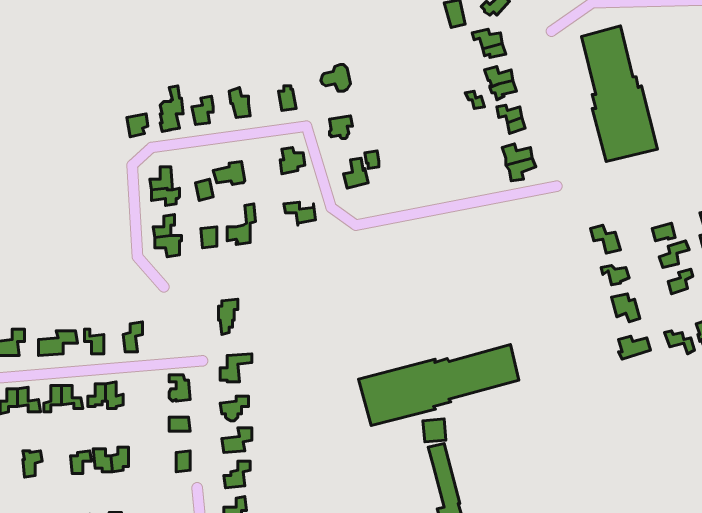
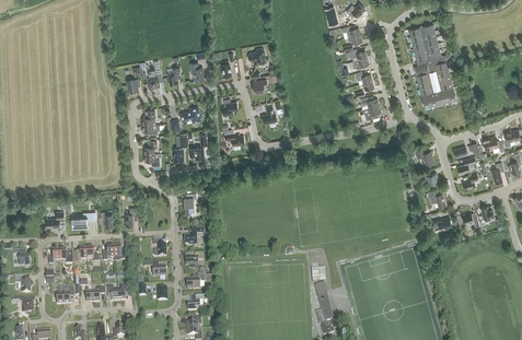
building: [358,345,519,425] -> none

